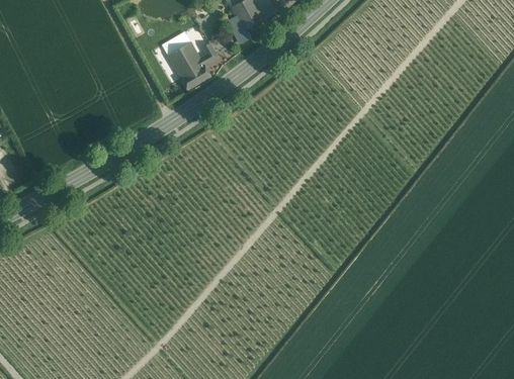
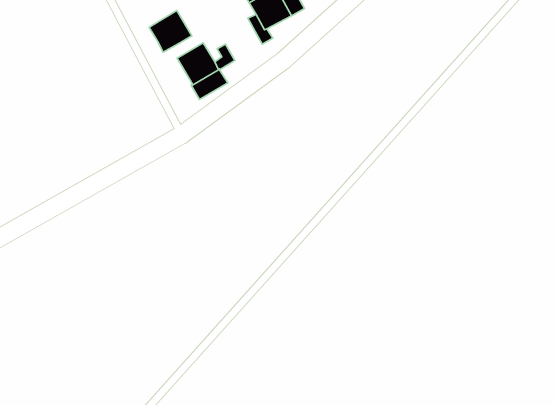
building: none -> [149,11,192,52]

